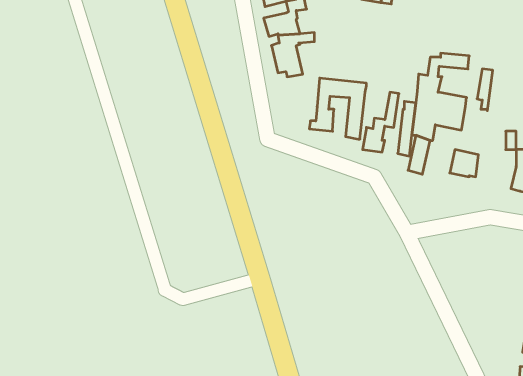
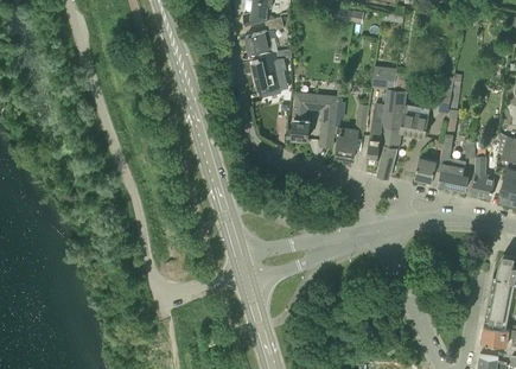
building: none -> [372,66,399,90]
building: none -> [439,134,469,190]

